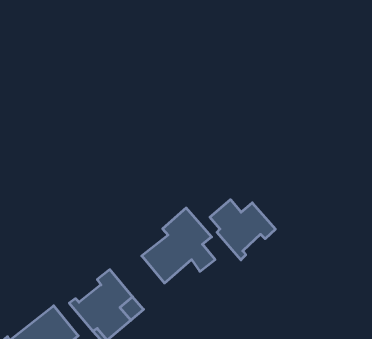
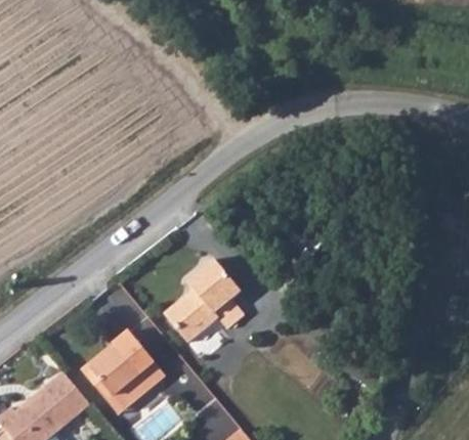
building: [210,200,275,260] -> none

